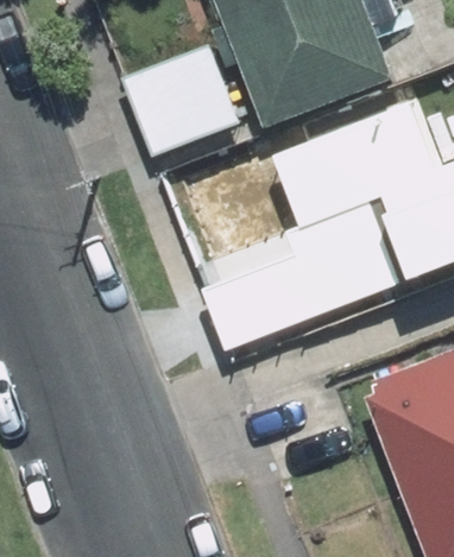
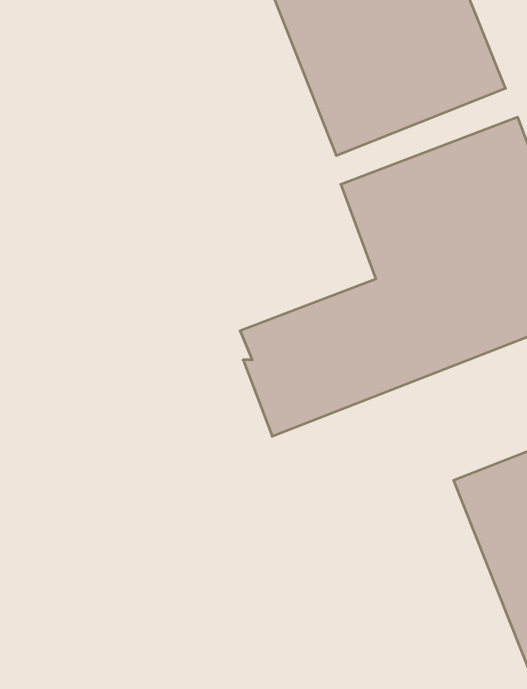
building: [122,45,242,159] -> none

